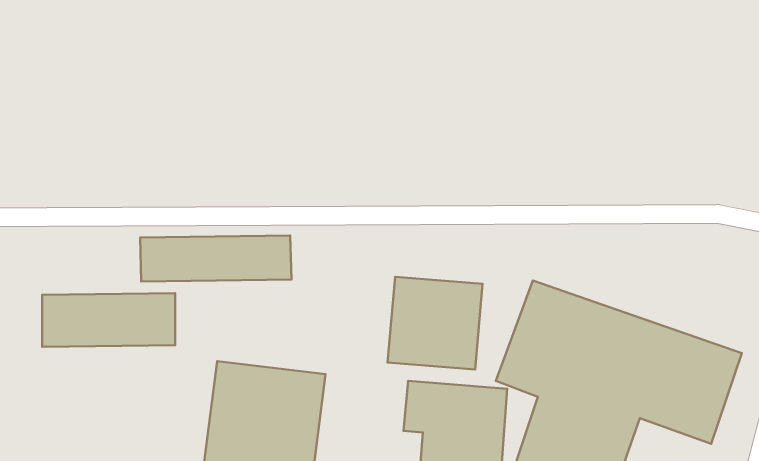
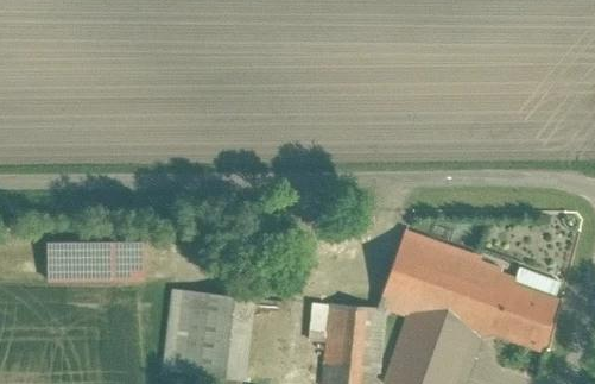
building: [140,236,292,281] -> none
building: [387,277,483,369] -> none

